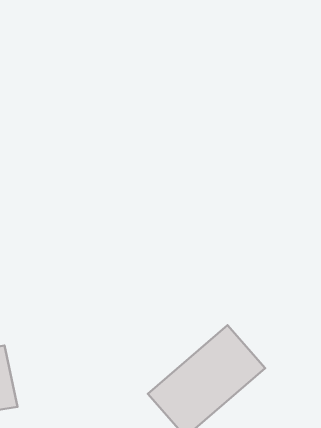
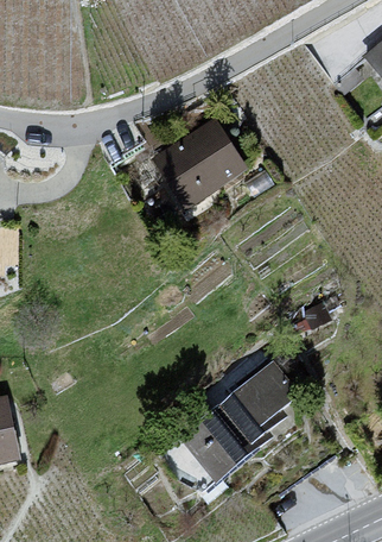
building: none -> [146,118,243,212]

